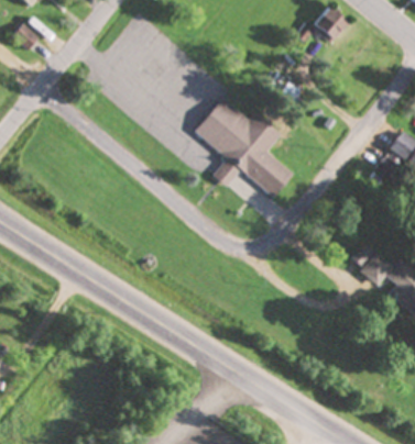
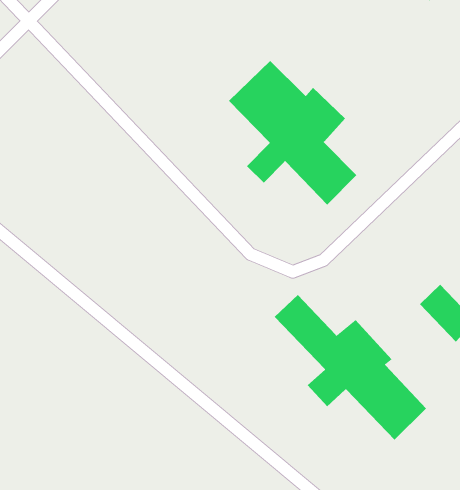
building: none -> [274,294,427,441]

